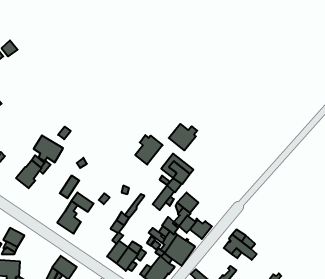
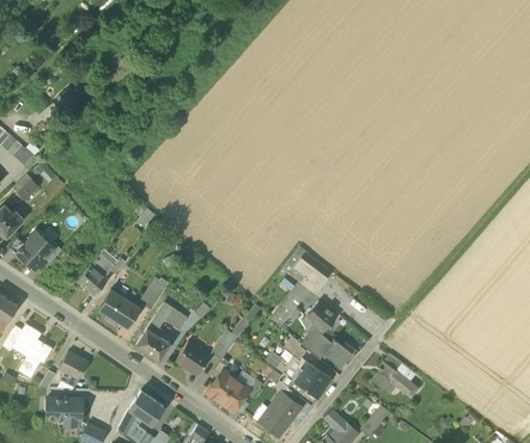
building: [169,124,197,150] -> none
building: [135,135,163,165] -> none
building: [34,135,63,162] -> [99,290,141,328]
building: none -> [176,342,211,375]

